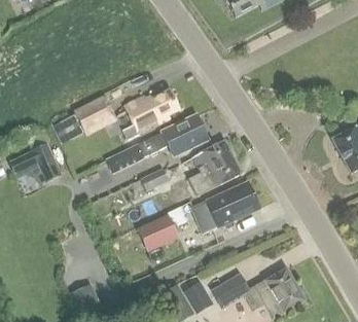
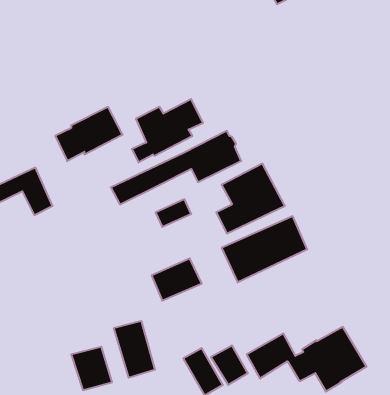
building: none -> [114,321,155,378]

